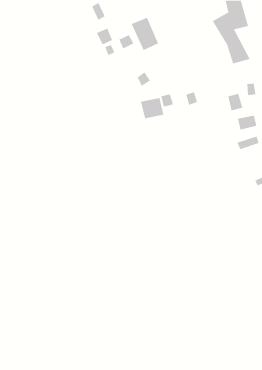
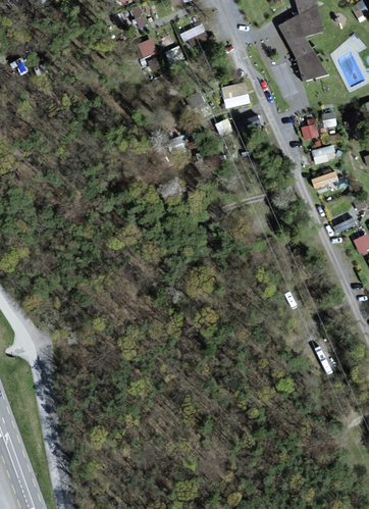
building: [140,98,164,119] -> [220,82,250,108]

